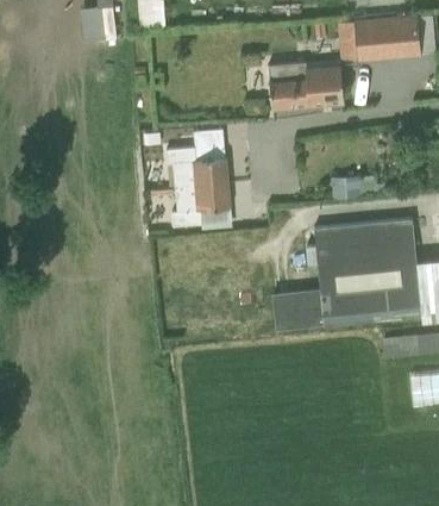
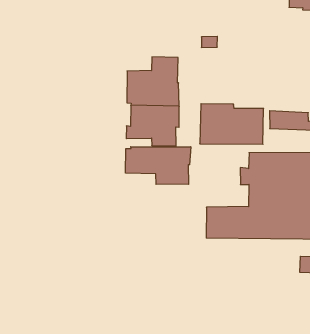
building: [269,63,344,112] -> [200,104,264,144]
building: none -> [126,147,191,184]

